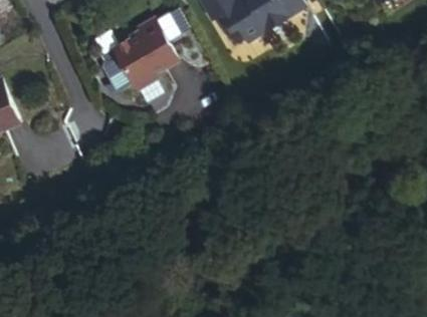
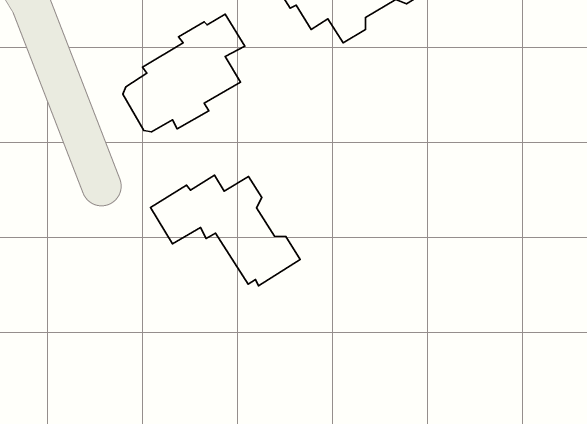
building: none -> [150,175,300,286]

